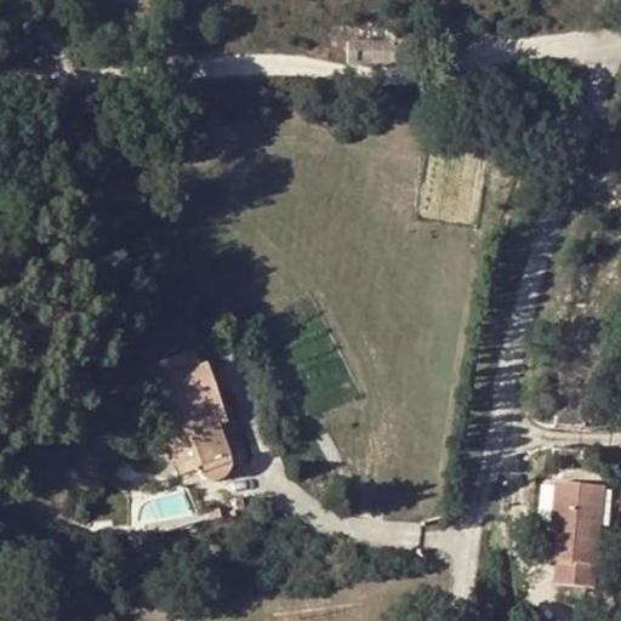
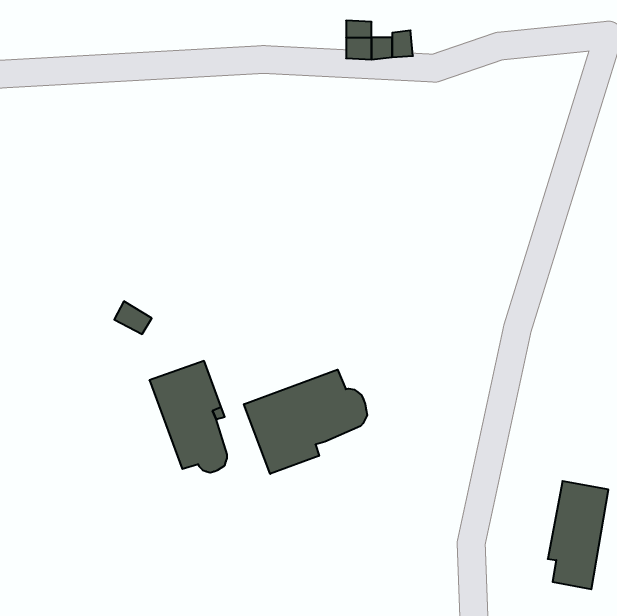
building: none -> [244,370,367,474]

